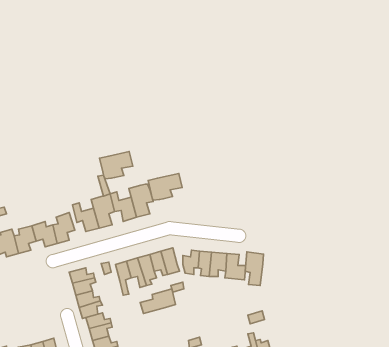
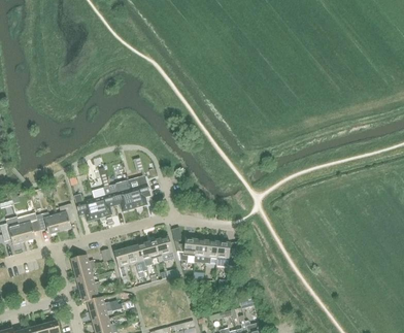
building: [100,151,133,179] -> none
building: [148,173,182,200] -> none
building: [245,252,264,286] -> none
building: [140,289,175,313] -> none

